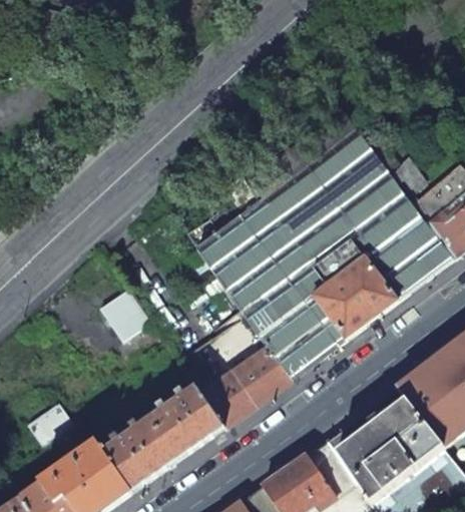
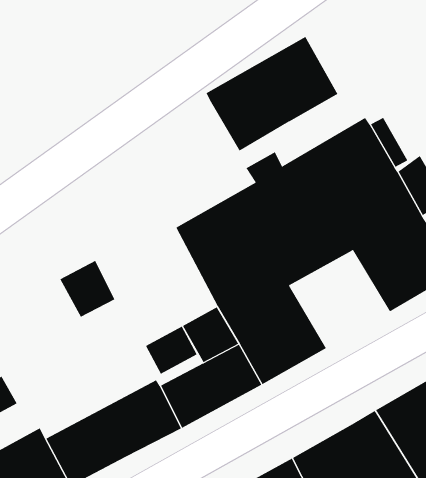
building: none -> [206,36,338,151]
building: [305,248,397,339] -> none

